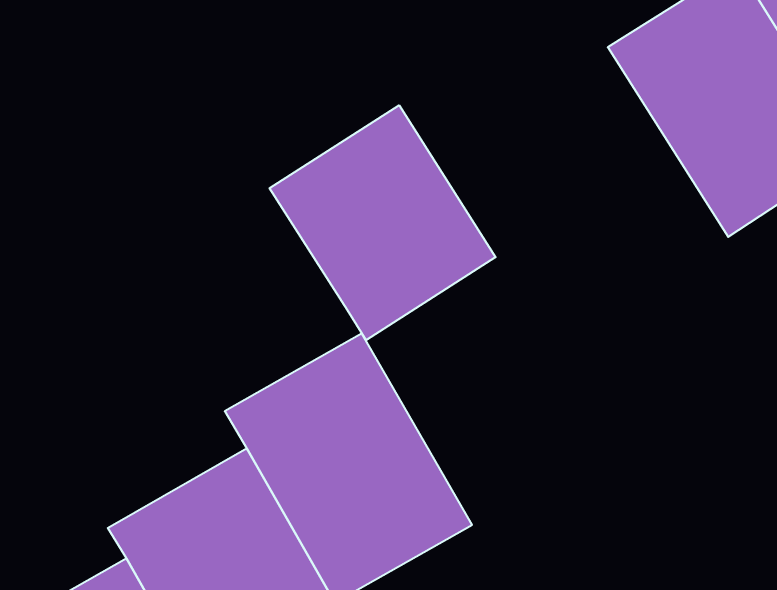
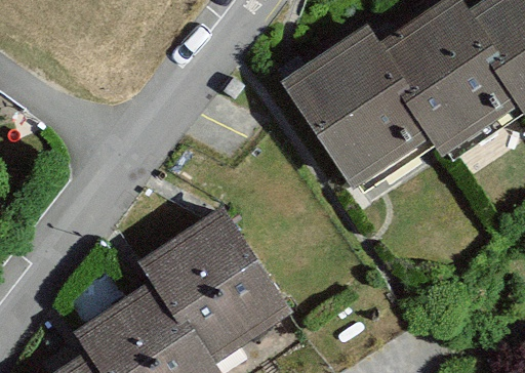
building: none -> [288,25,439,188]
building: [270,105,496,340] -> none

